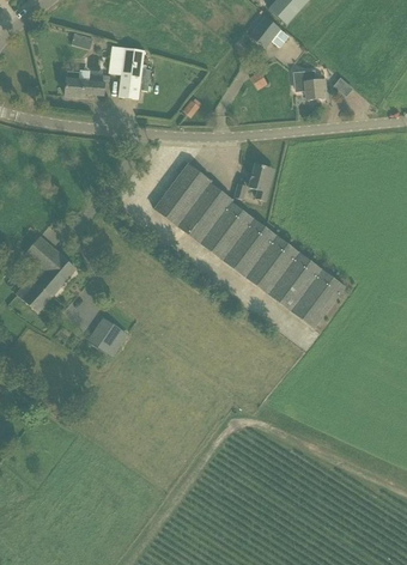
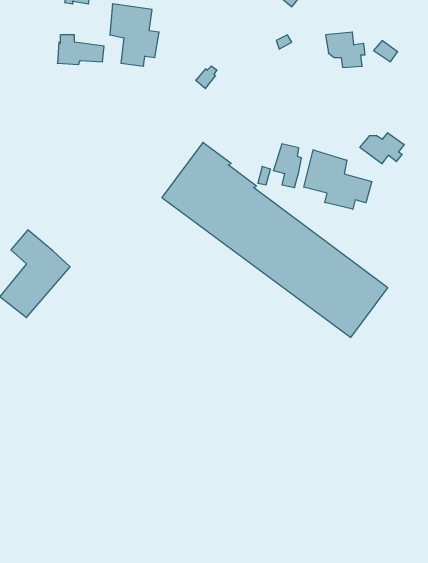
building: none -> [360,133,404,164]
building: none -> [304,150,372,209]
building: [87,317,124,354] -> none

